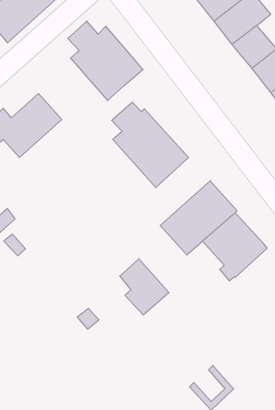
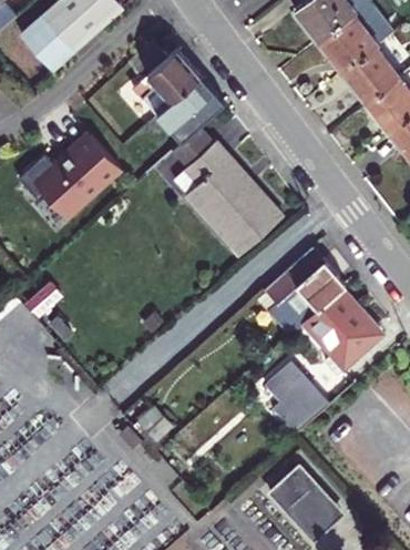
building: none -> [172,124,227,167]
building: [120,259,169,315] -> [266,360,329,432]
building: none -> [268,466,330,530]

